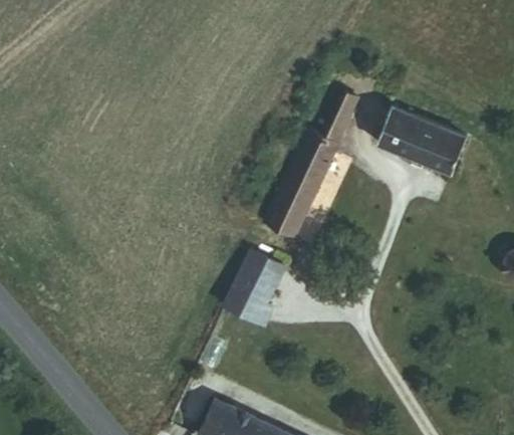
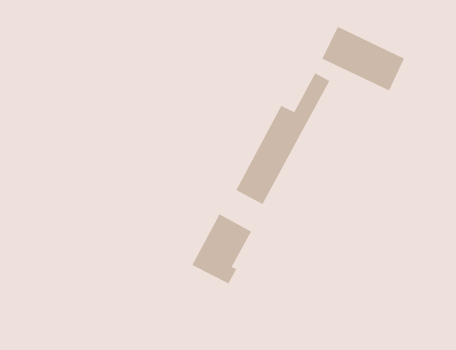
building: [379,108,469,175] -> [321,26,405,91]

